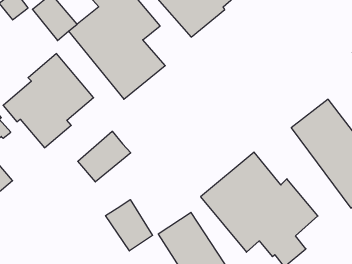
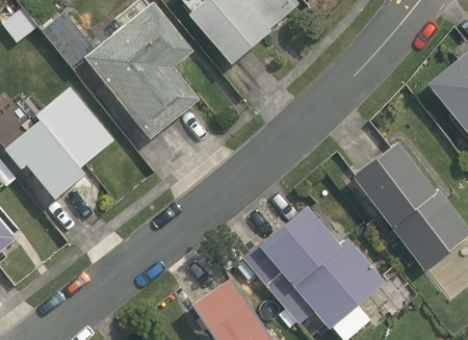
building: [78,131,131,182] -> none
building: [106,200,153,251] -> none

